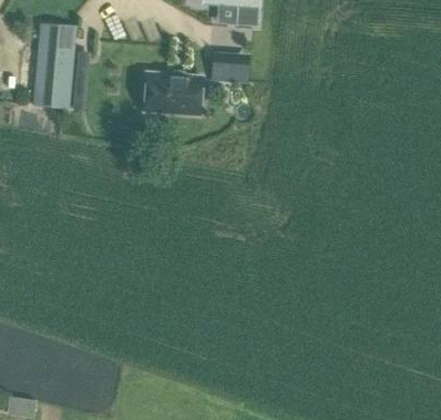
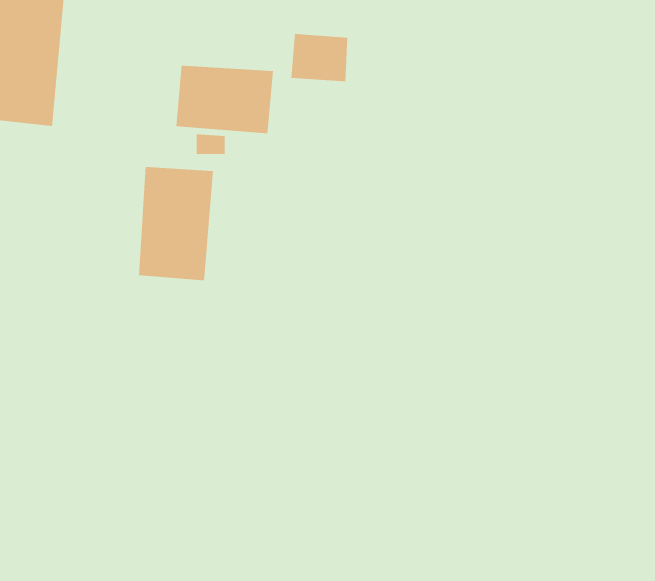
building: none -> [139,166,213,281]

